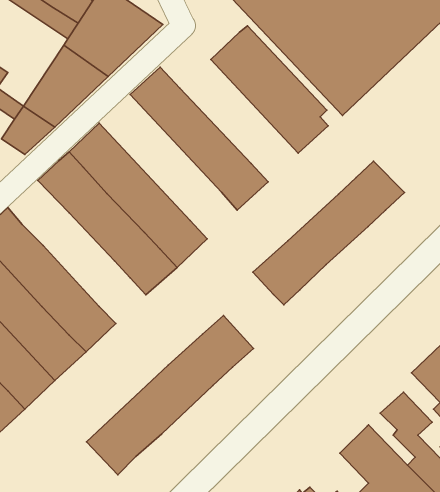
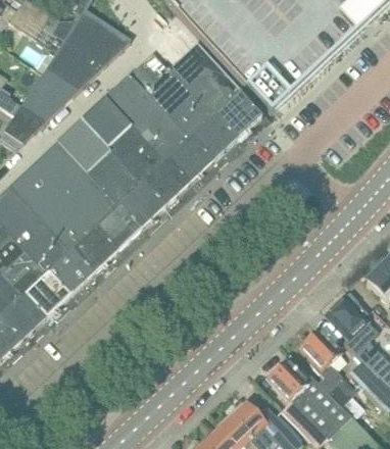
building: none -> [129,51,237,163]
building: none -> [81,95,189,208]
building: [253,161,405,305] -> none
building: none -> [9,162,117,275]
building: [86,316,253,475] -> none

